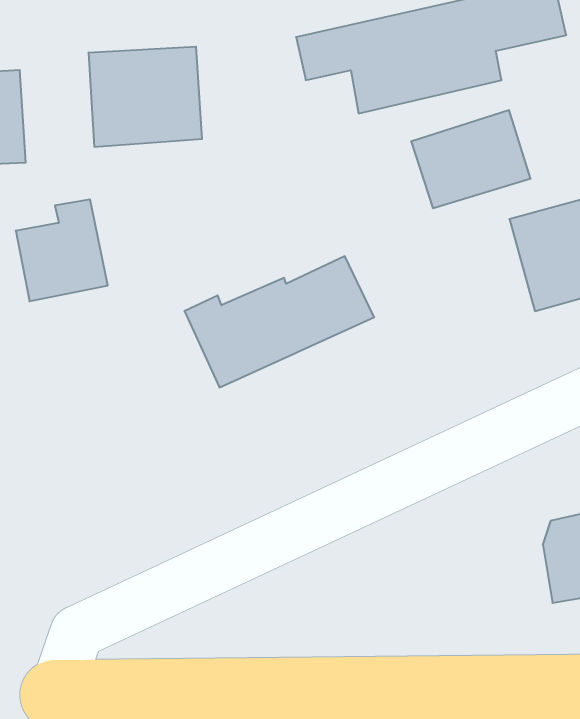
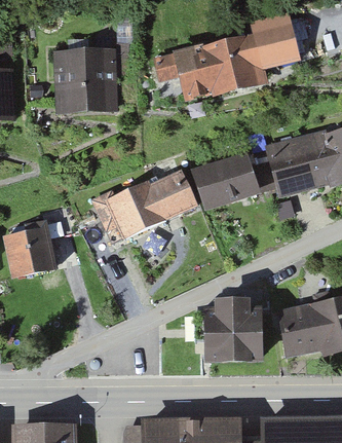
building: [411,110,531,208] -> [198,153,261,205]
building: [16,199,108,301] -> [9,219,58,272]
building: none -> [210,306,264,357]

